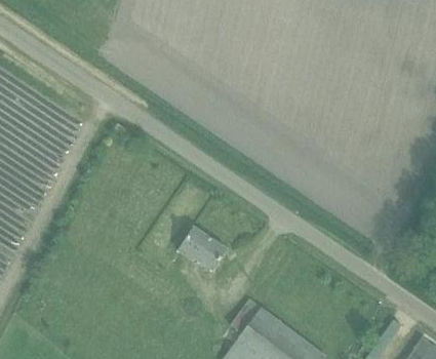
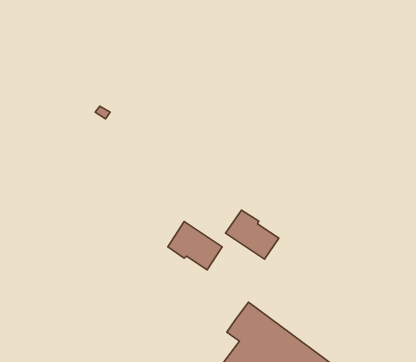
building: none -> [225,210,279,259]

